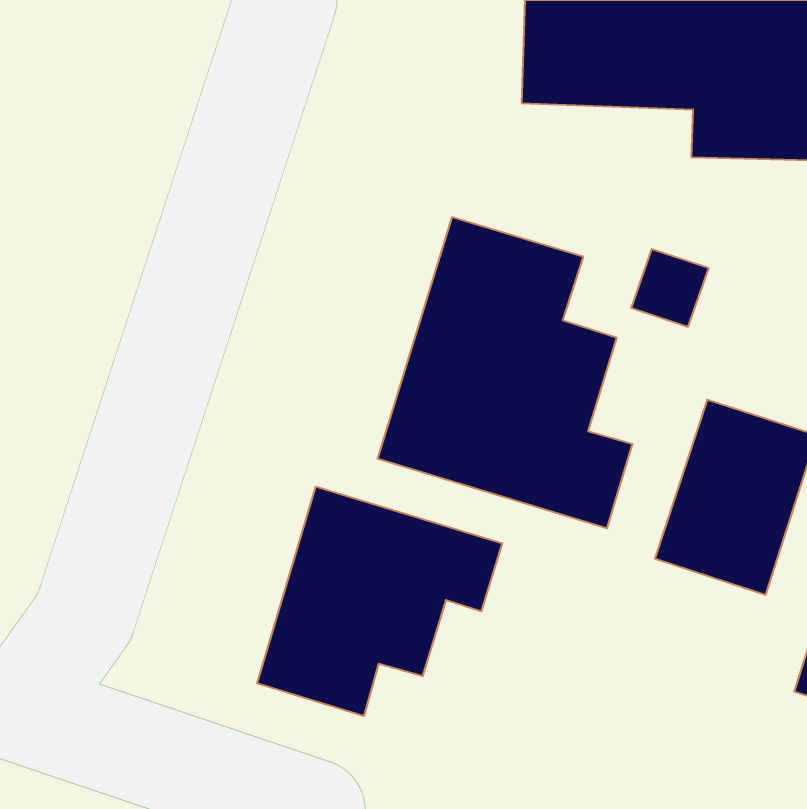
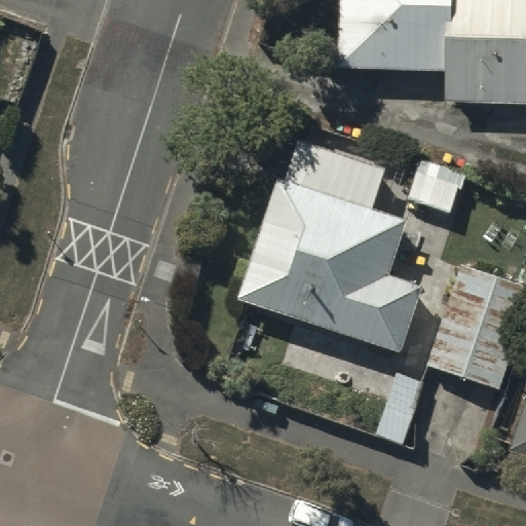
building: [257,487,502,716] -> none

